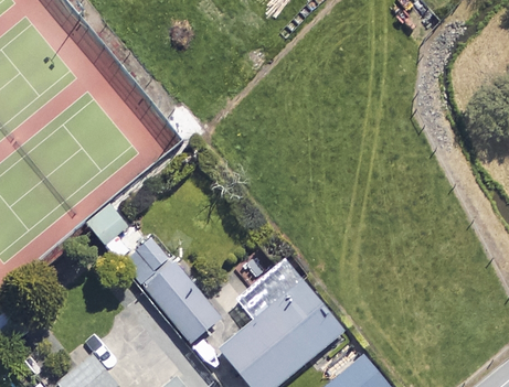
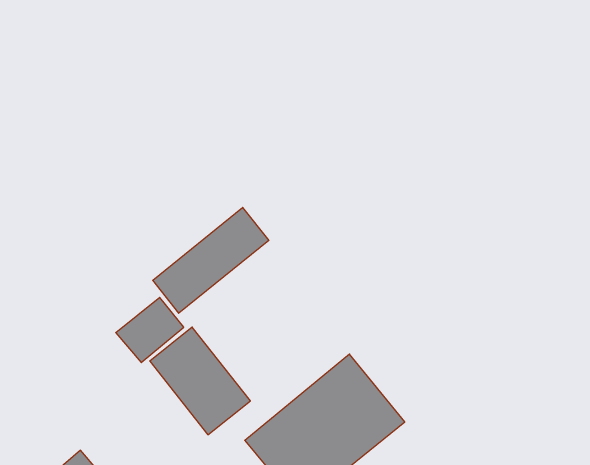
building: none -> [153,207,269,313]

